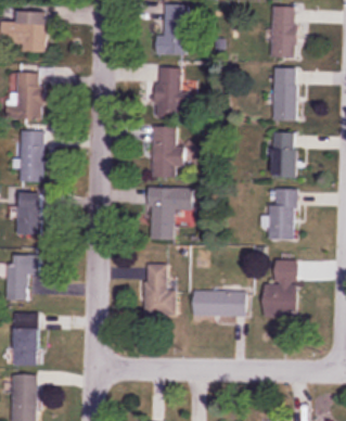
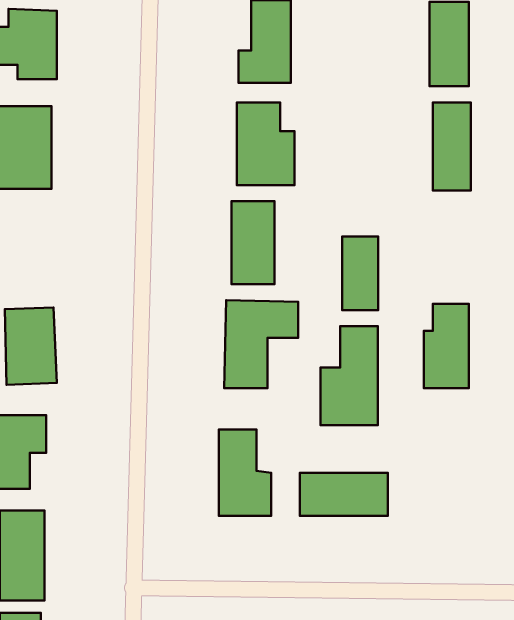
building: [21,129,44,181] -> none
building: [273,131,295,176] -> [342,236,378,310]
building: [262,258,297,318] -> [320,326,378,425]

